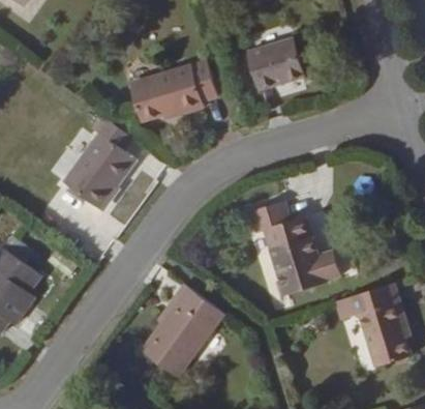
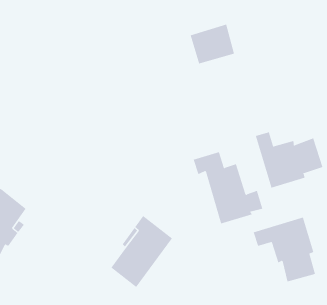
building: [129,60,217,119] -> none
building: [63,116,134,209] -> none
building: none -> [255,132,323,189]

